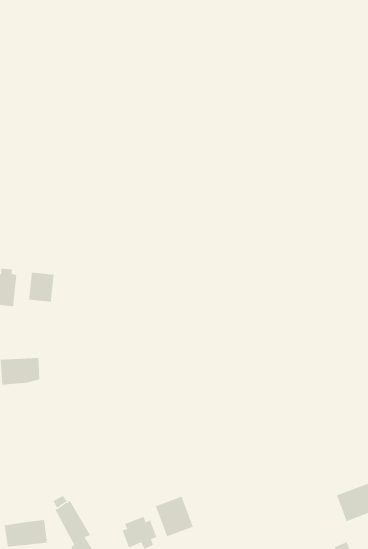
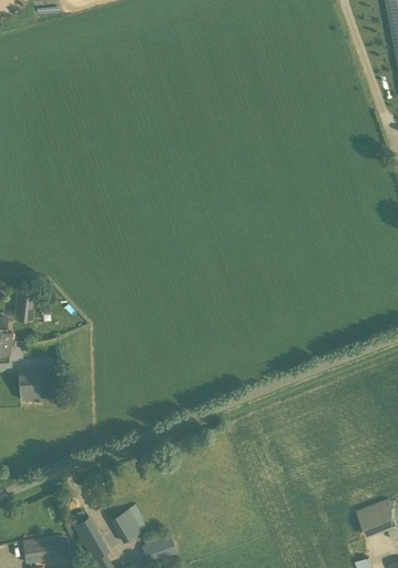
building: [29,272,54,302] -> none
building: none -> [110,507,142,544]
building: [155,496,194,537] -> none

